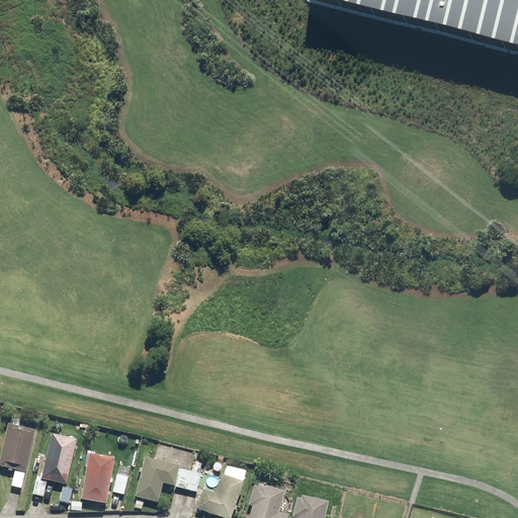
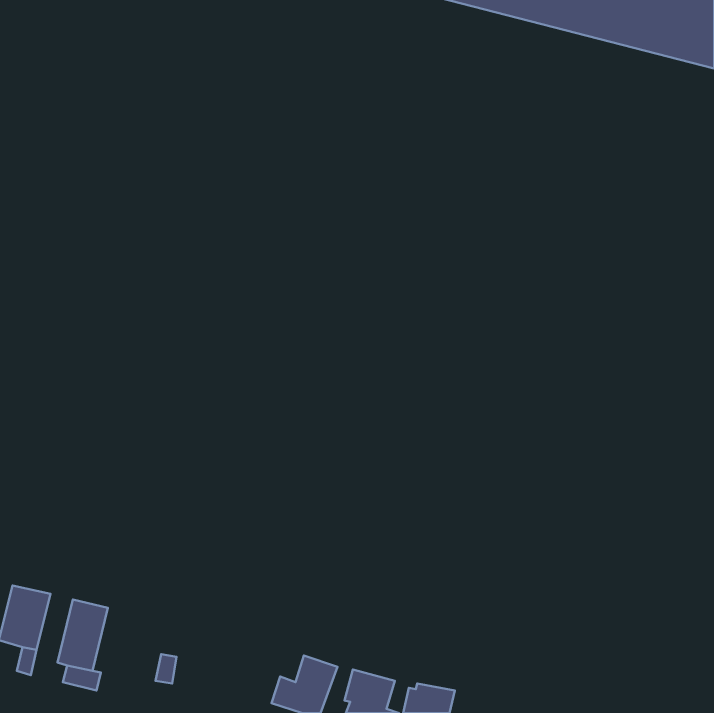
building: [81,453,113,502] -> none
building: [132,456,200,502] -> none

